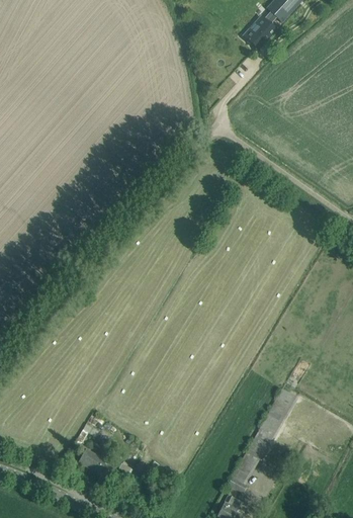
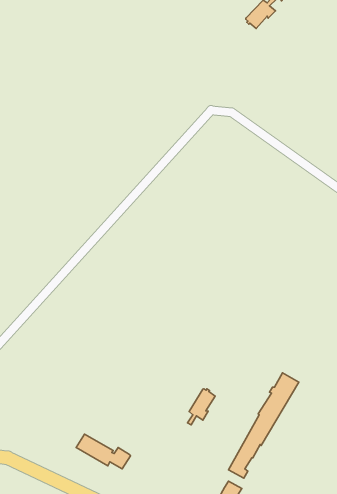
building: none -> [188,389,215,425]

